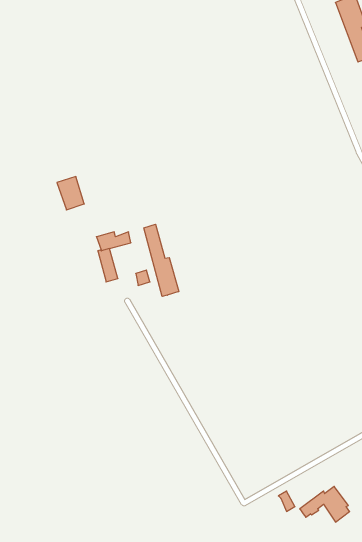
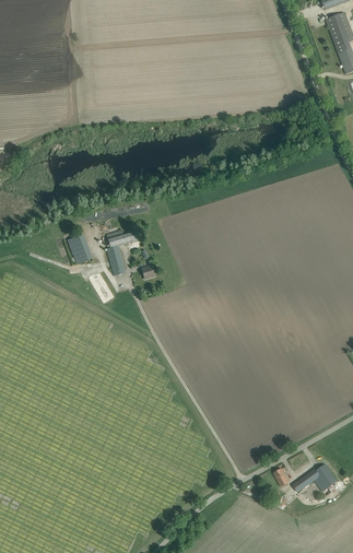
building: [57,177,84,210] -> [68,233,93,263]
building: [144,224,179,296] -> none

